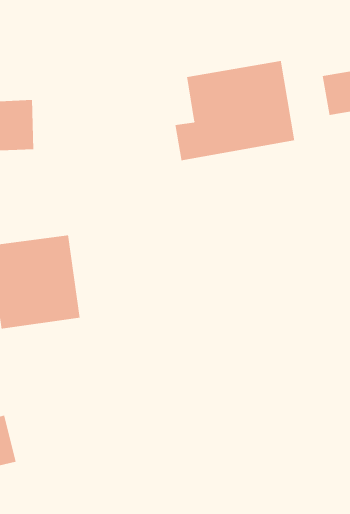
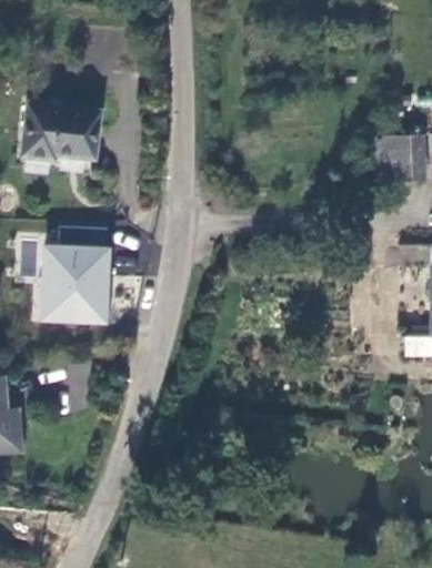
building: [175,60,295,161] -> none

